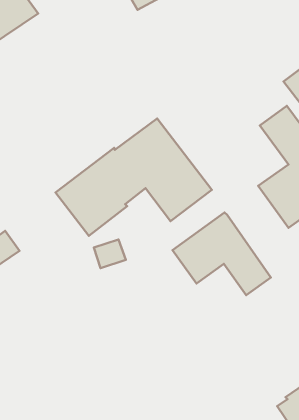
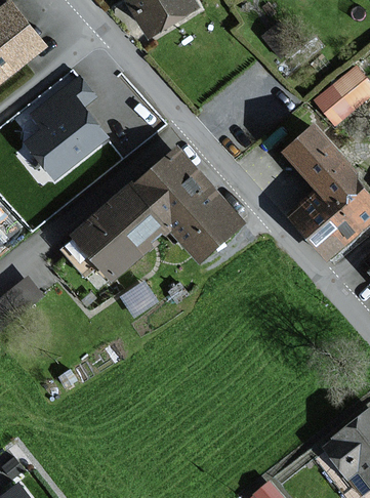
building: none -> [19,75,111,182]
building: [172,213,271,295] -> none

